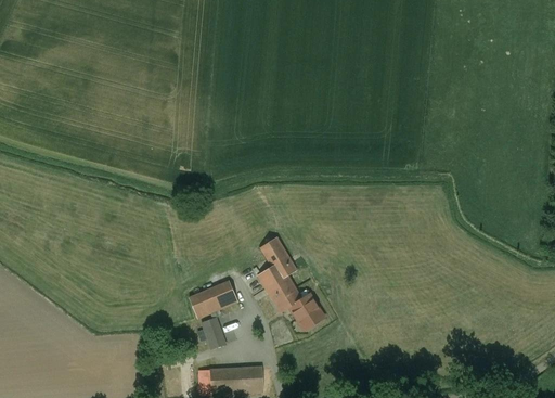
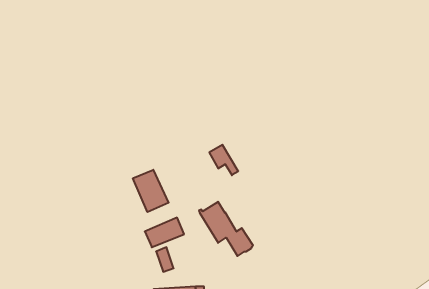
building: none -> [133,170,169,212]
building: [259,237,295,275] -> [209,145,238,175]

